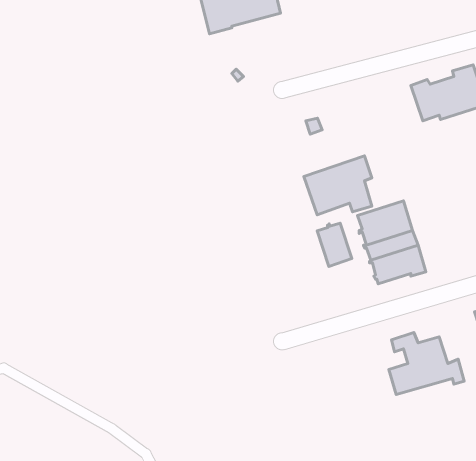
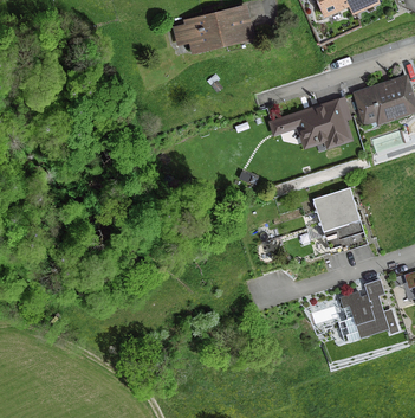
building: [304,156,372,215] -> [296,98,350,146]
building: [317,223,352,267] -> none

